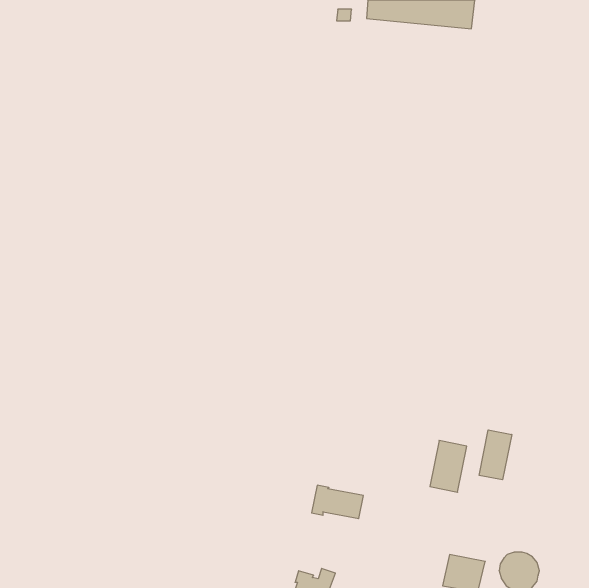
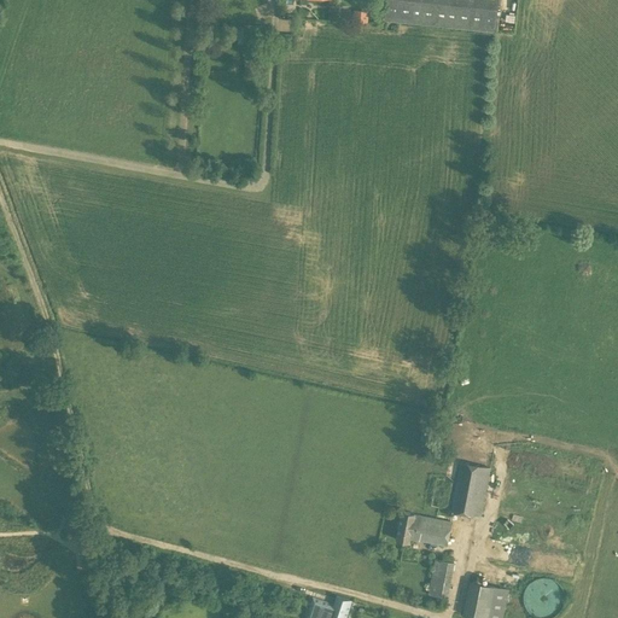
building: [479,430,512,480] -> none
building: [312,485,363,519] -> [396,511,450,546]
building: none -> [427,559,453,597]

